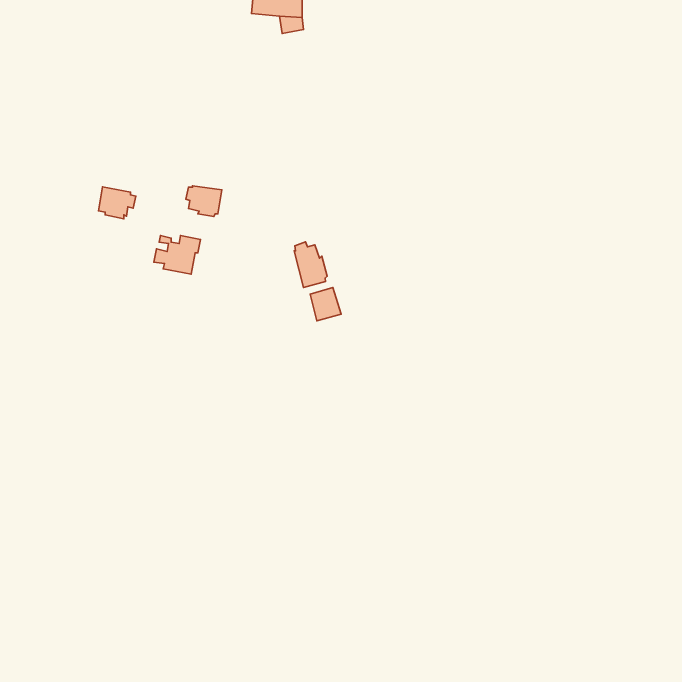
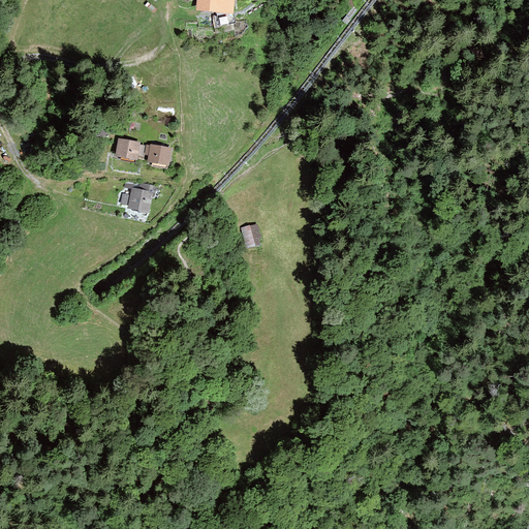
building: [98,187,136,219] -> [115,137,144,162]
building: [294,242,327,287] -> none

